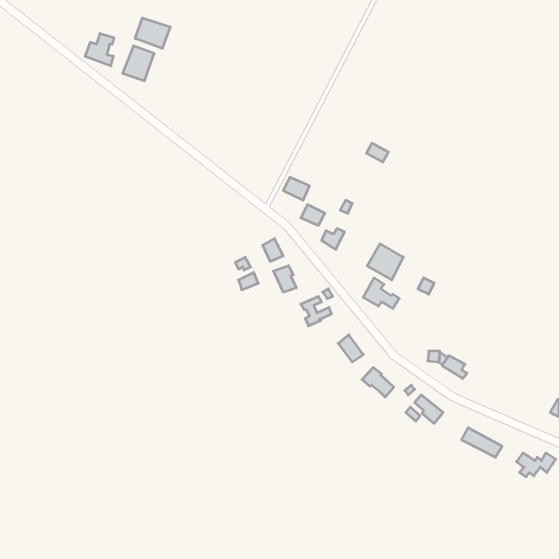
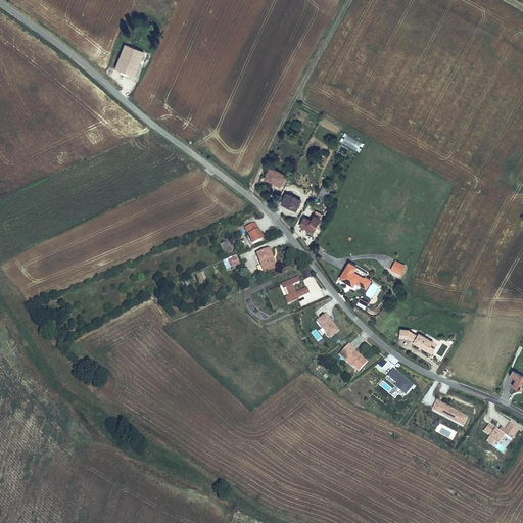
building: [135,18,170,48] -> none
building: [85,33,114,66] -> none
building: [367,244,403,280] -> none

